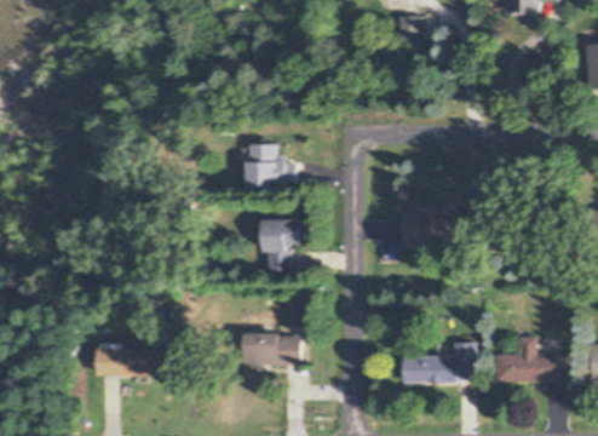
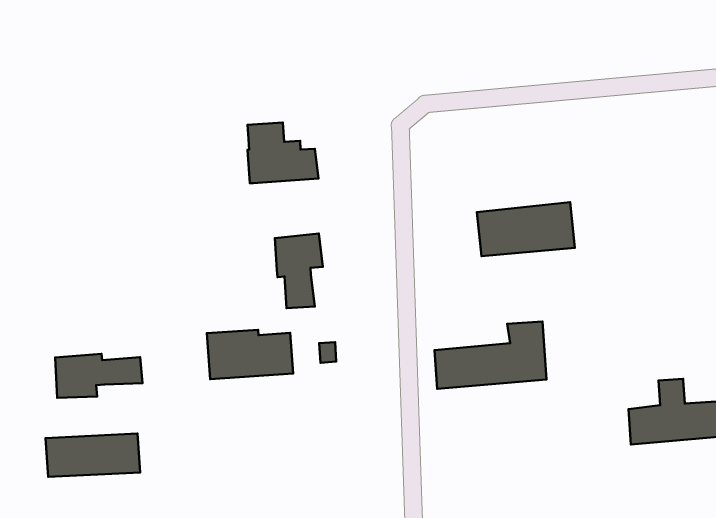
building: none -> [55,354,143,398]
building: [242,332,299,363] -> [207,330,293,379]
building: [401,340,476,382] -> [435,321,546,389]

